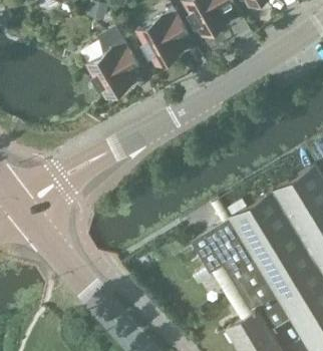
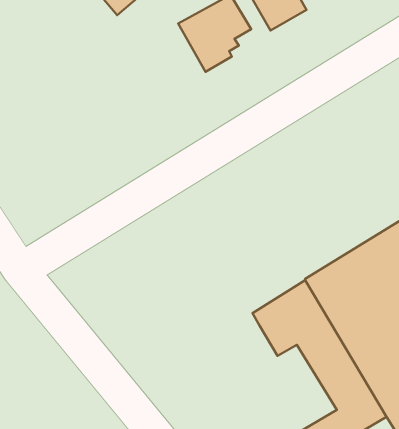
building: [88,26,140,99] -> none

